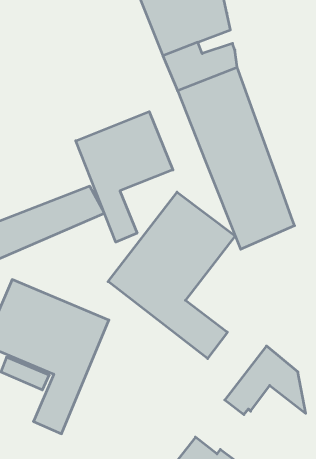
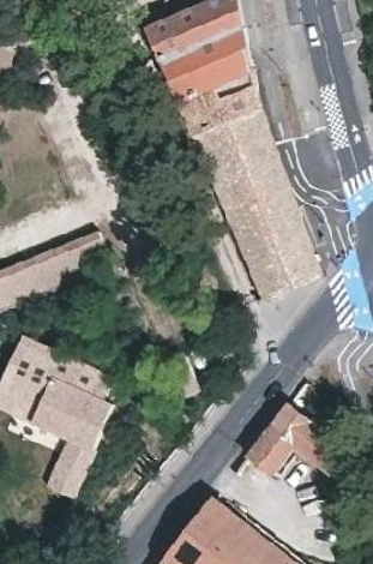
building: [76,112,173,242] -> none
building: [108,192,235,359] -> none

